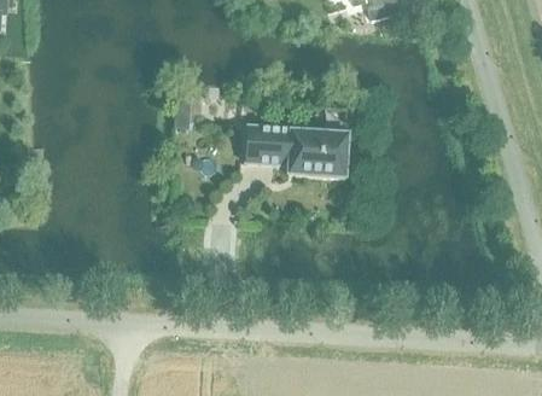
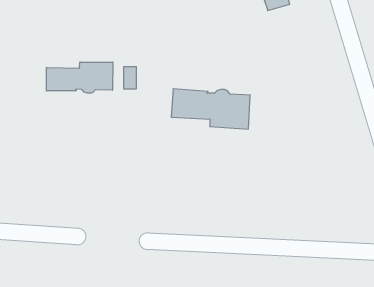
building: none -> [46,62,113,93]

